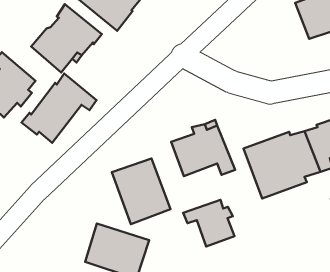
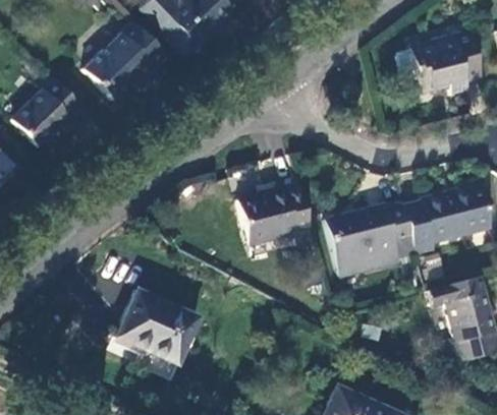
building: [22,74,97,143] -> none
building: [112,158,171,224] -> none
building: [183,200,234,247] -> none

